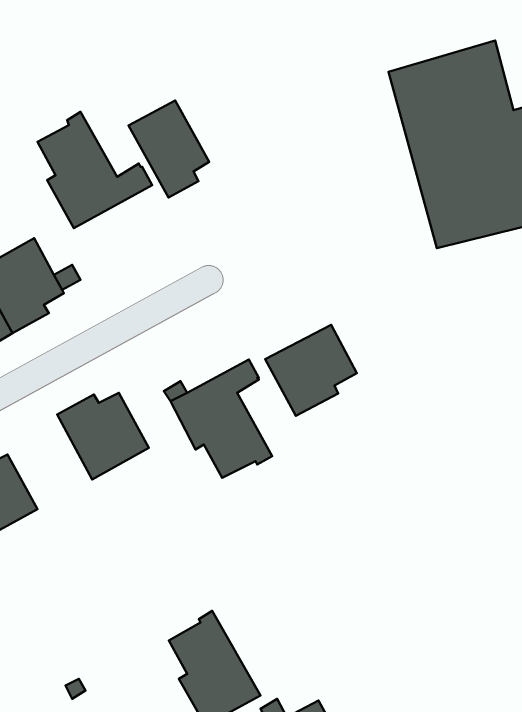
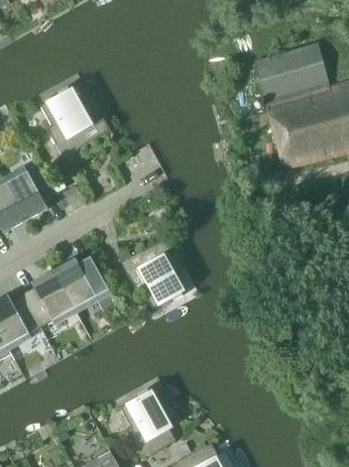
building: [128,101,209,198] -> none
building: [265,325,357,416] -> none
building: none -> [23,269,75,327]

